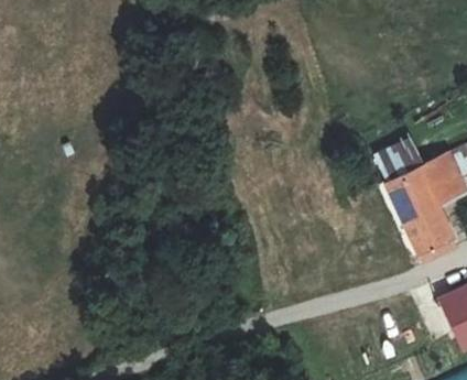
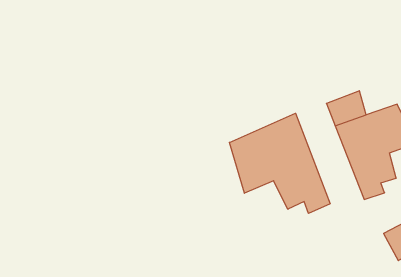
building: none -> [229,113,330,213]

